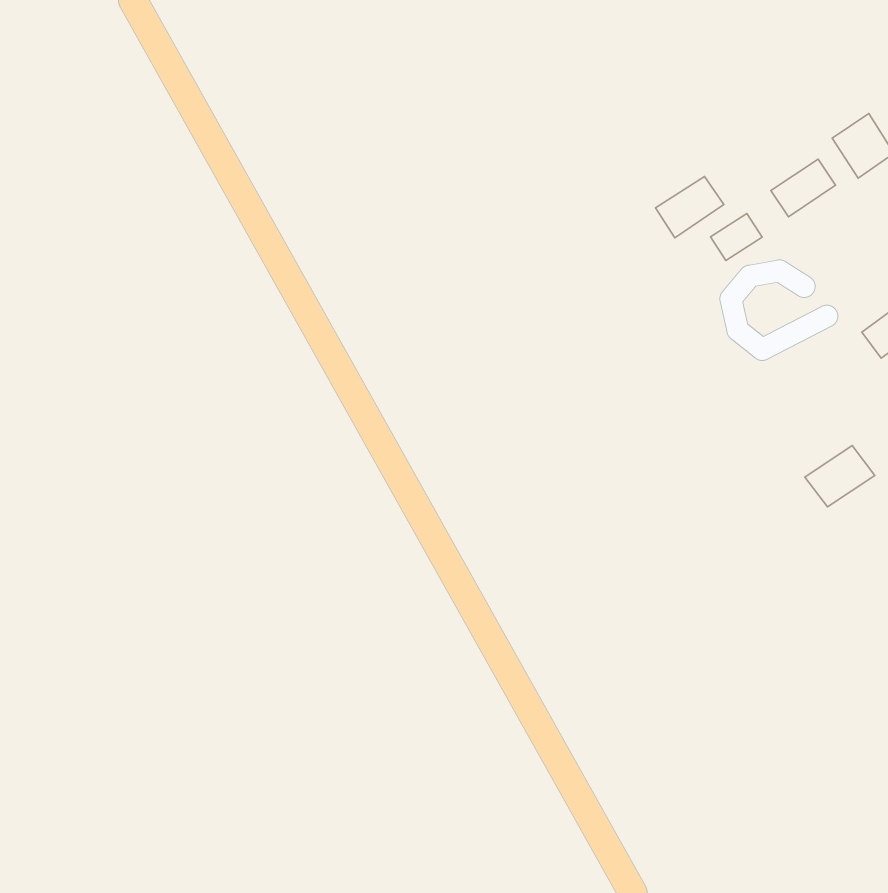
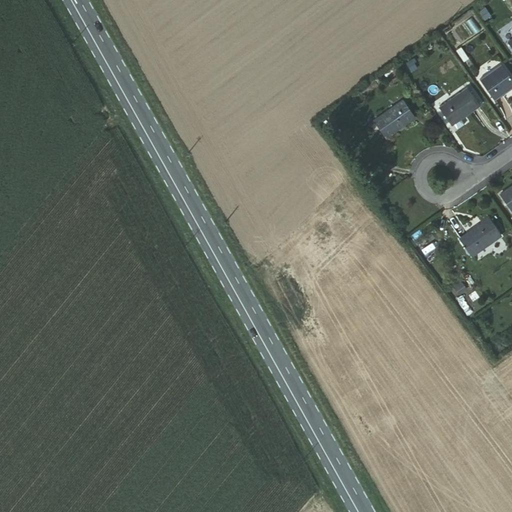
building: [711,214,762,261] -> none
building: [805,446,875,507] -> [458,218,498,253]

